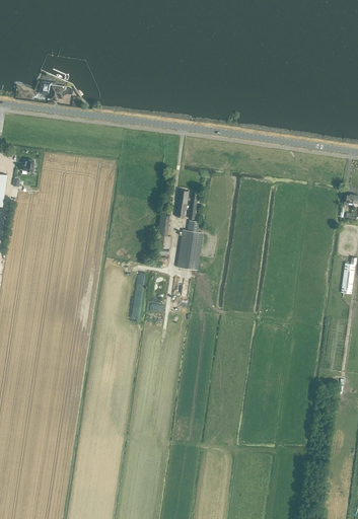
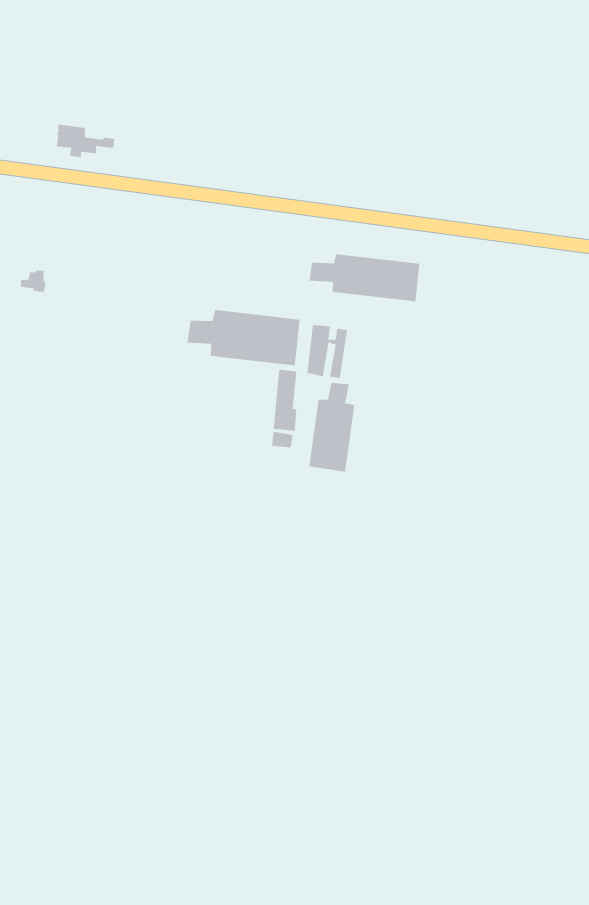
building: none -> [309,254,420,302]
building: none -> [187,309,300,366]

